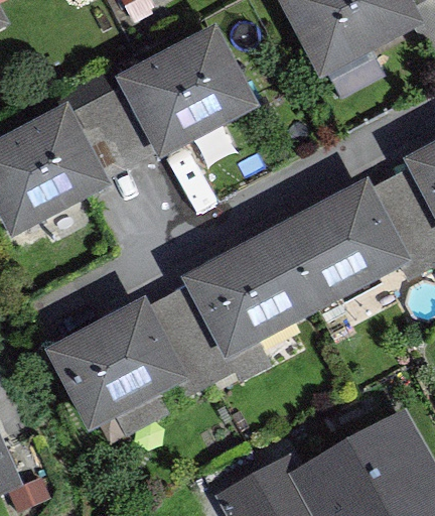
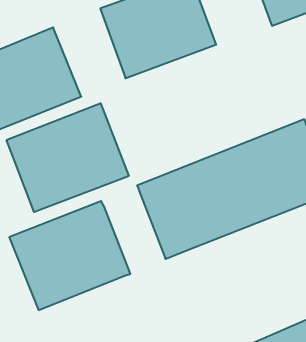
building: none -> [7,103,129,212]
building: [150,285,269,392] -> none

